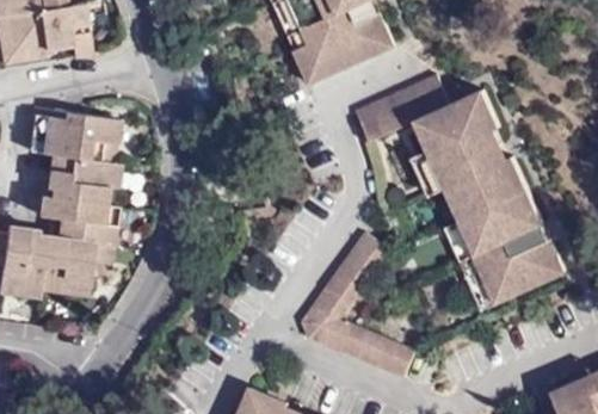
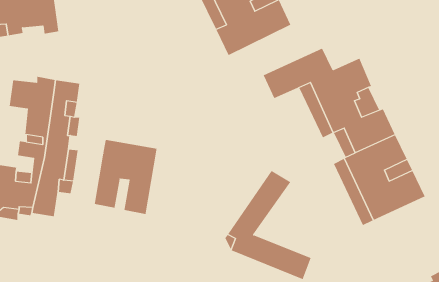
building: none -> [94,139,157,215]

